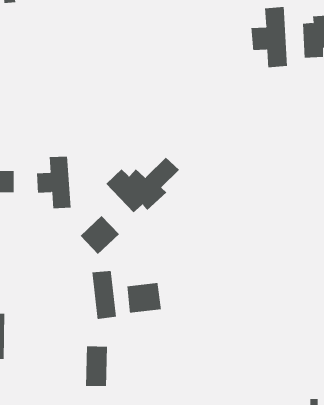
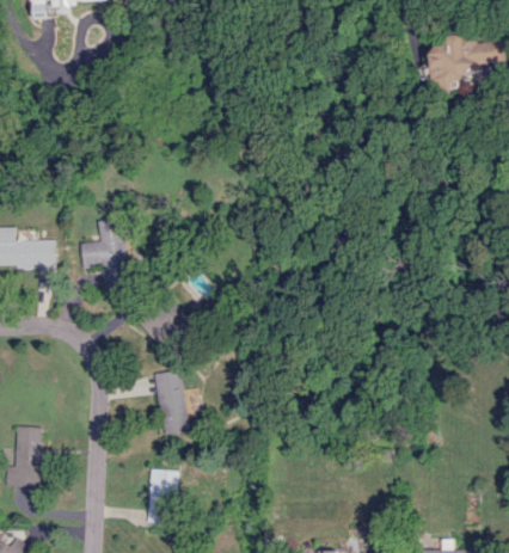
building: [251,6,287,68] -> none
building: [106,157,180,213] -> none
building: [127,282,161,313] -> none

